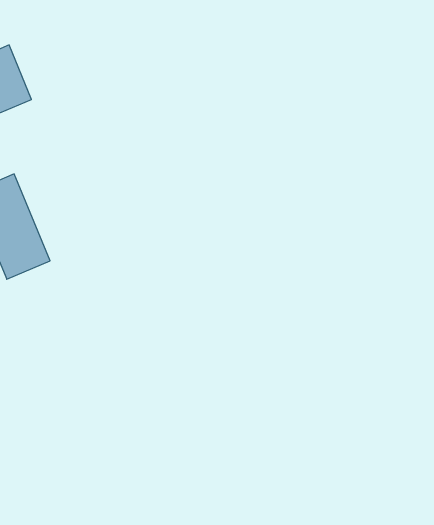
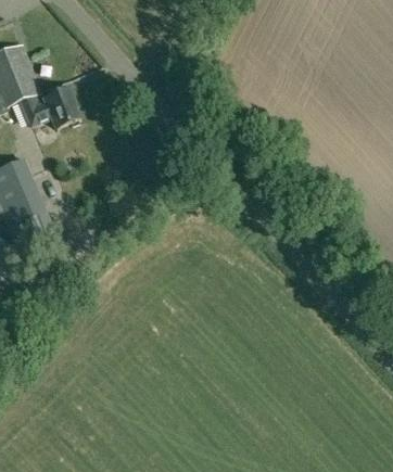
building: none -> [20,88,80,129]

